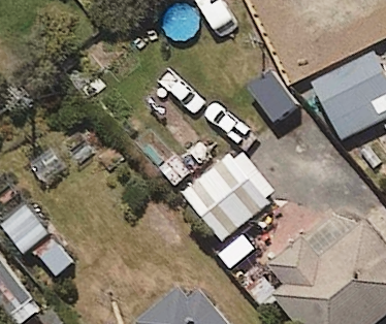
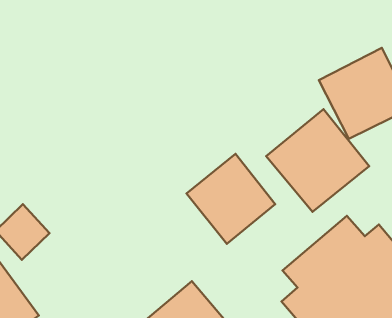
building: none -> [266,109,369,212]

